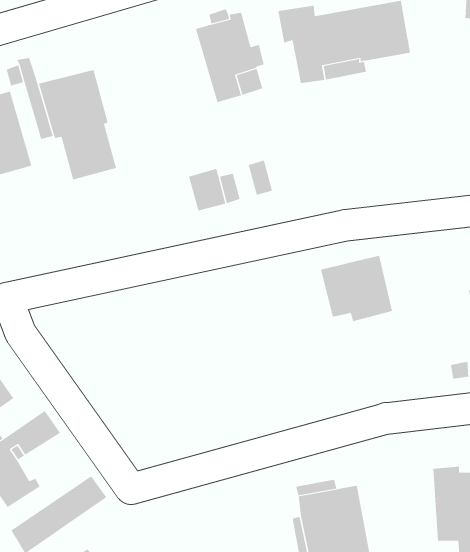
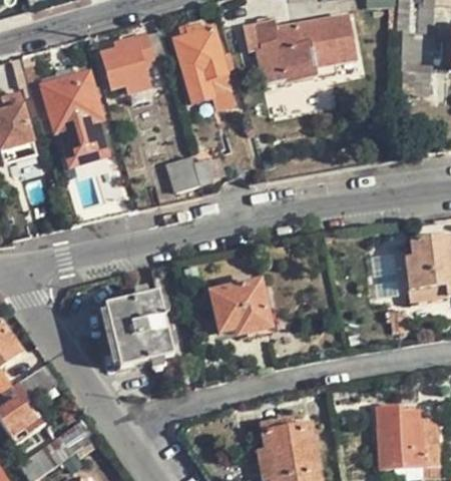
building: none -> [103,30,164,90]
building: [320,255,393,322] -> [209,280,271,336]
building: none -> [103,293,171,368]

